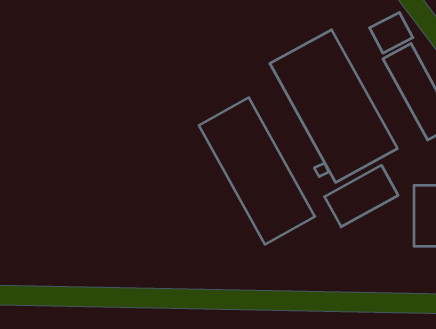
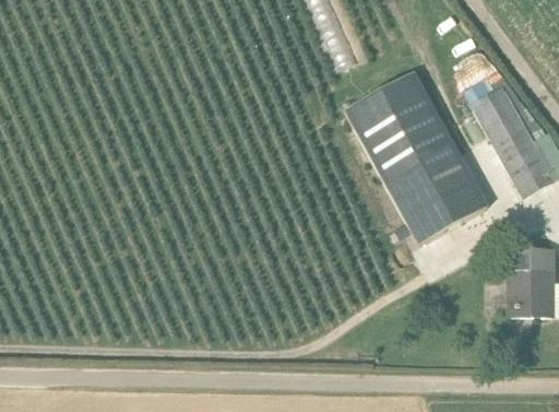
building: [199,98,315,244] -> none
building: [324,165,398,227] -> none

